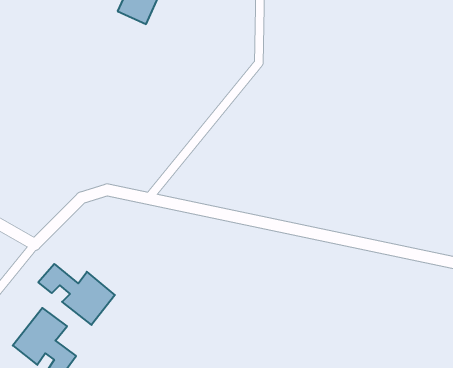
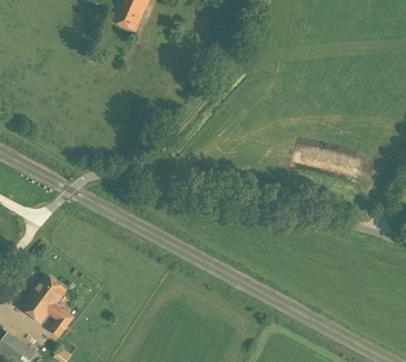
building: [38,264,115,325] -> none

